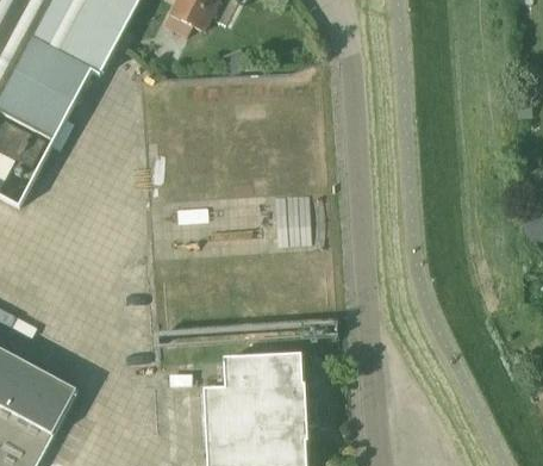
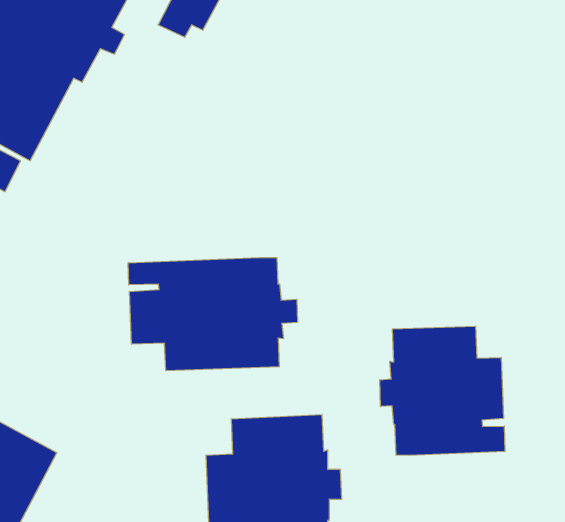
building: none -> [128,258,297,371]
building: none -> [380,326,505,455]

